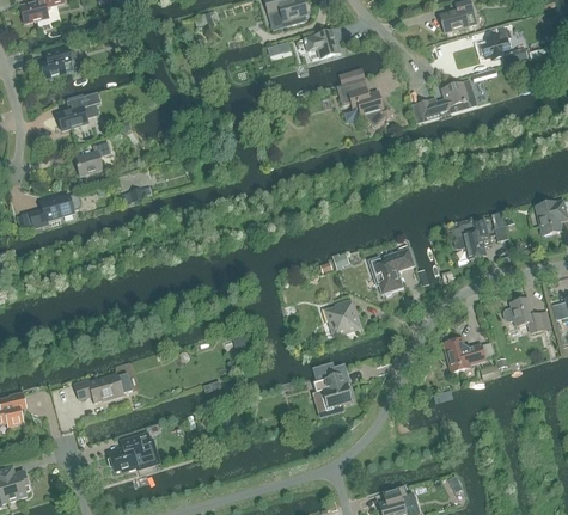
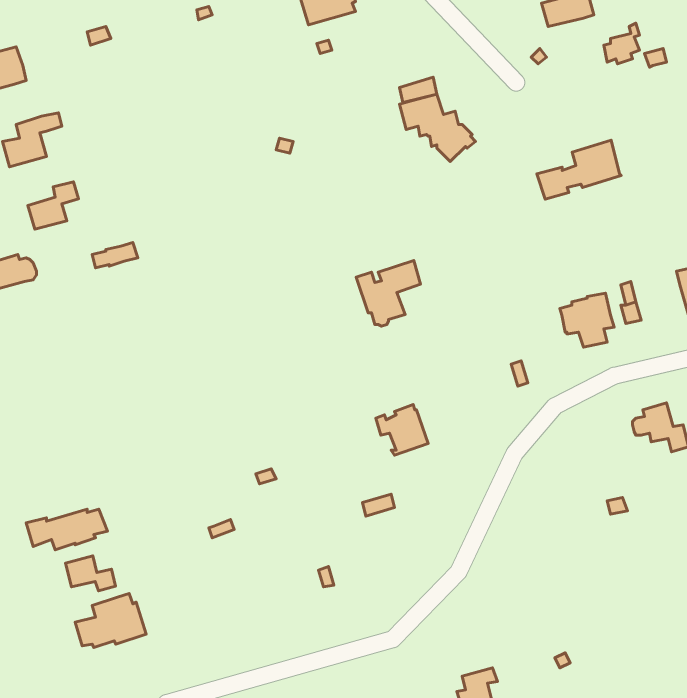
building: [304,29,340,57] -> none
building: [417,79,477,121] -> [537,140,621,199]
building: [368,247,414,294] -> [356,260,420,326]
building: [444,337,484,372] -> none
building: [312,373,353,417] -> none
building: none -> [66,556,116,591]

